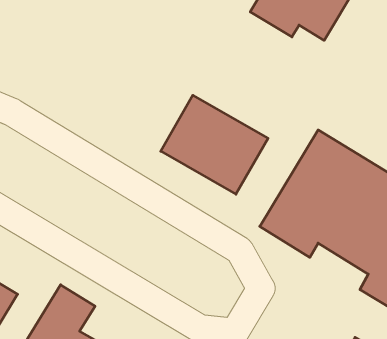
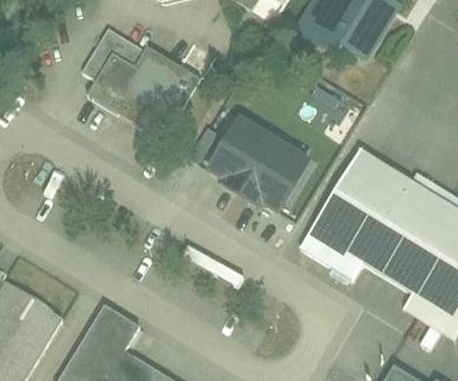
building: none -> [82,26,201,139]

